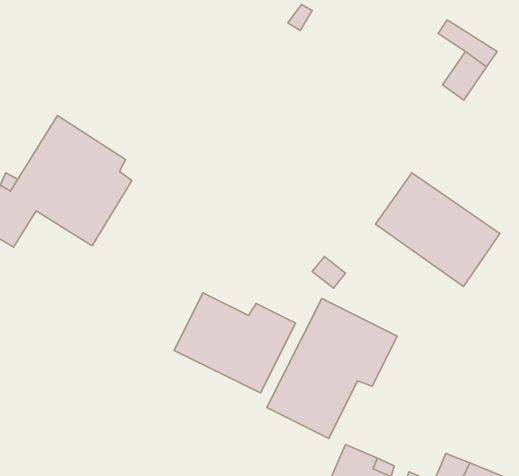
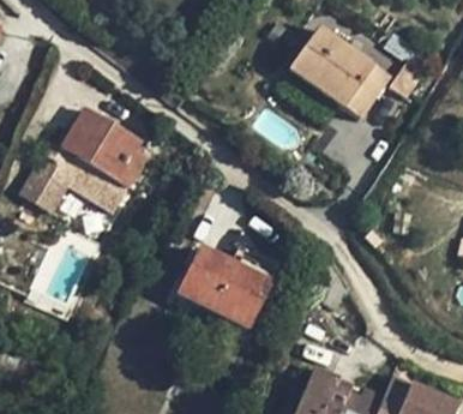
building: [375,173,500,286] -> [293,29,391,119]
building: [267,299,397,438] -> none

